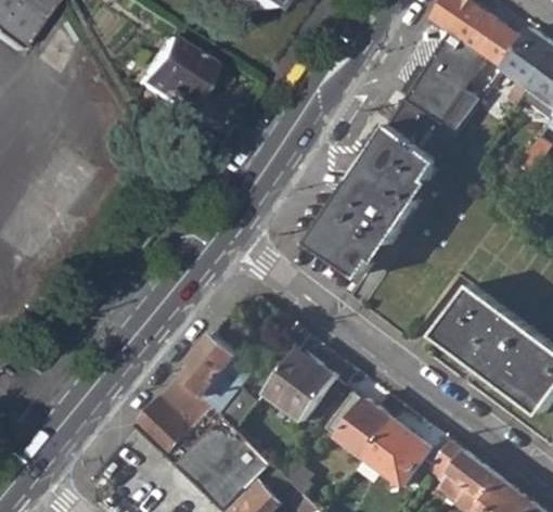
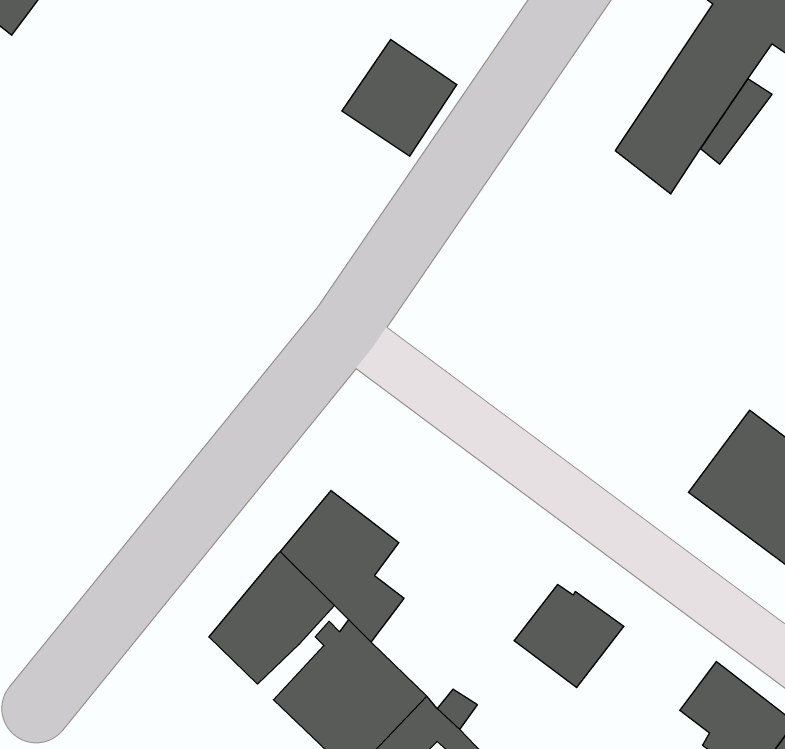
building: [134,38,206,111] -> [342,39,457,156]
building: [311,123,439,274] -> none
building: [263,347,335,421] -> none
building: [364,419,432,486] -> none

